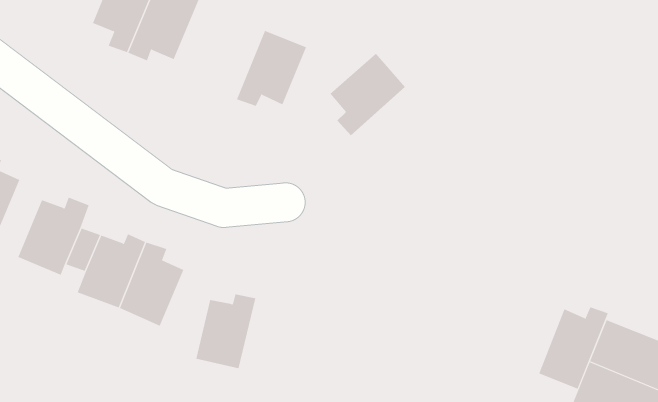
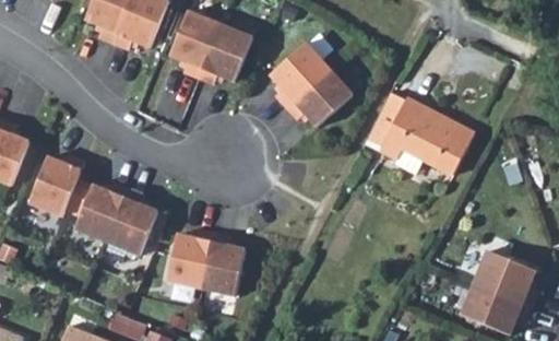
building: none -> [170,13,221,80]
building: none -> [287,70,353,128]
building: none -> [371,80,477,161]
building: none -> [201,234,246,297]
building: [539,307,608,390] -> none

